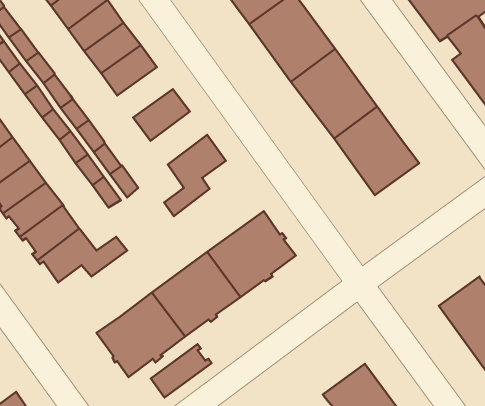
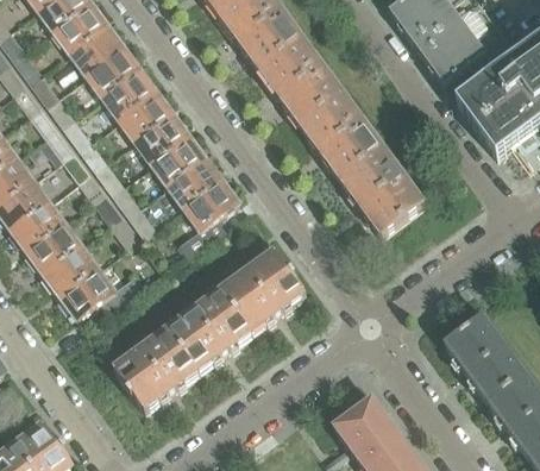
building: none -> [132,108,186,157]
building: none -> [164,151,219,202]
building: [151,344,211,397] -> none

